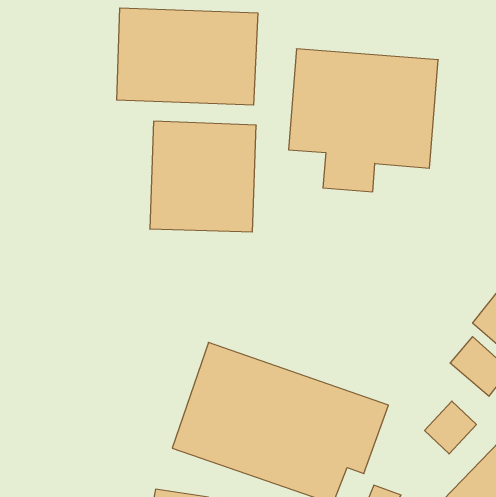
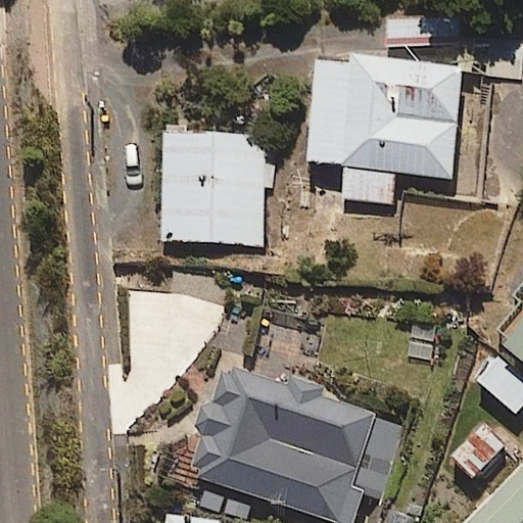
building: [117,8,258,105] -> none

